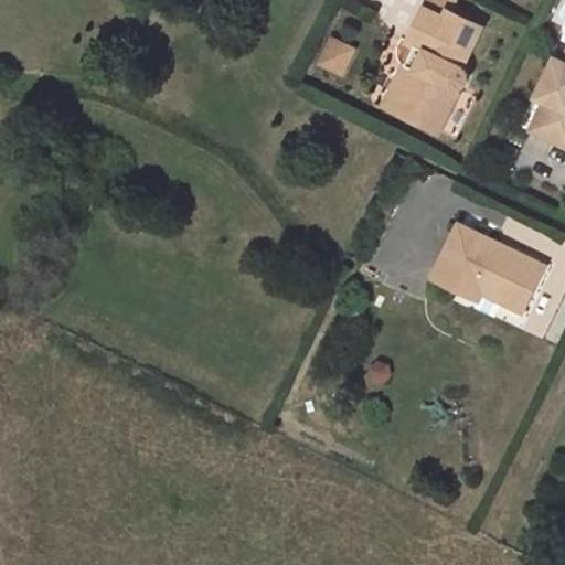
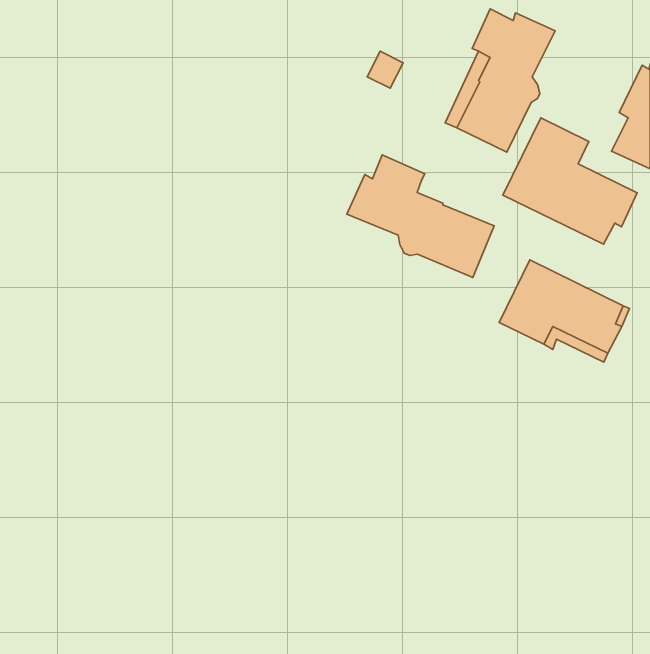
building: none -> [503,118,637,244]
building: none -> [347,155,494,277]

